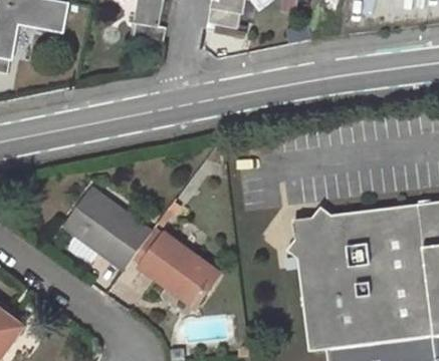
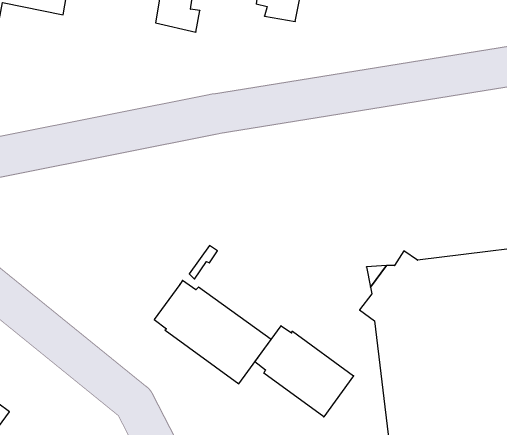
building: [65,189,152,269] -> none
building: none -> [255,326,354,417]

